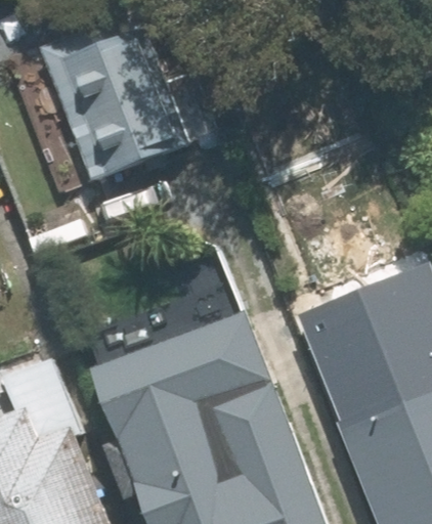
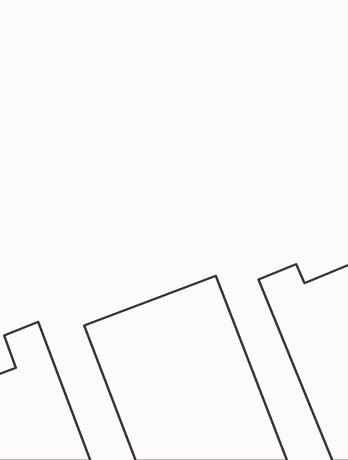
building: [37,11,187,185] -> none

